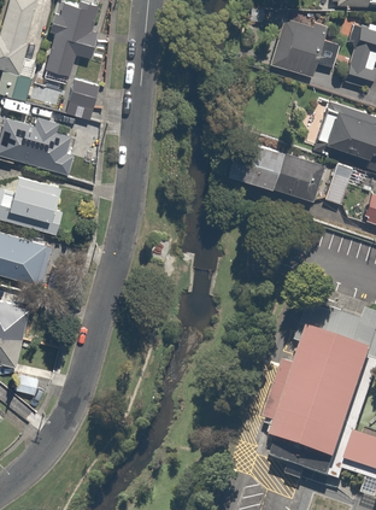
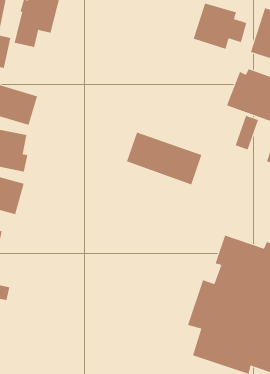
building: [71,81,101,110] -> none
building: [228,135,324,203] -> [126,132,202,185]

